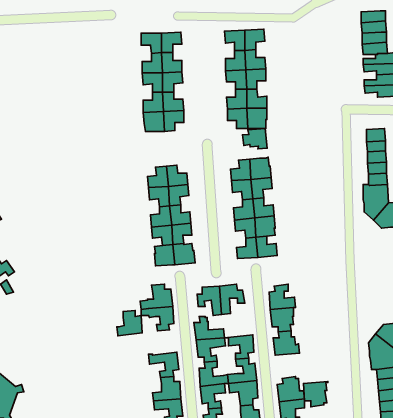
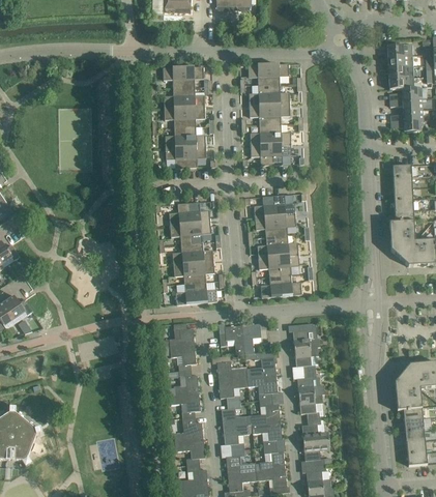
building: [243,129,267,149] -> none
building: [117,310,142,336] -> [173,369,199,394]
building: none -> [246,350,277,377]
building: [304,381,328,407] -> [299,392,324,418]

